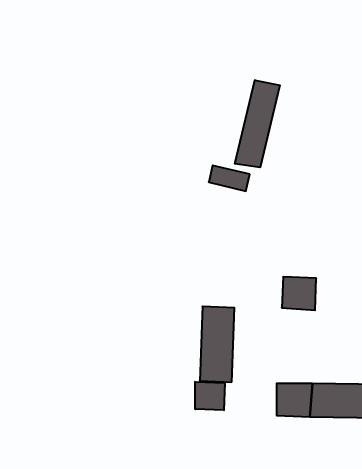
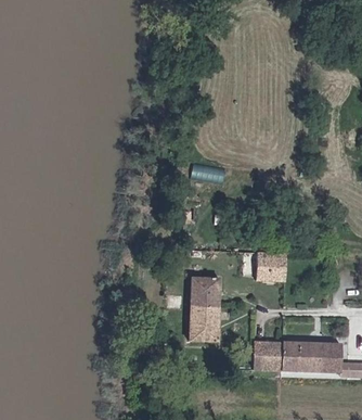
building: [235,80,280,167] -> none
building: [195,382,225,410] -> none

